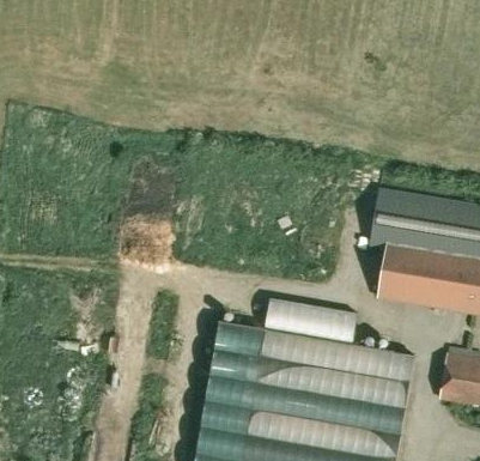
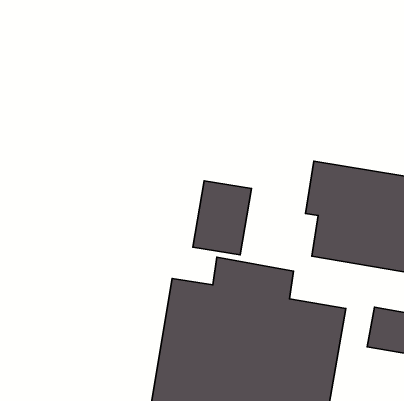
building: none -> [193,181,252,255]

